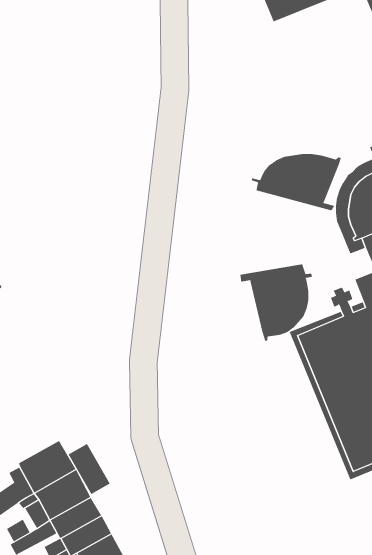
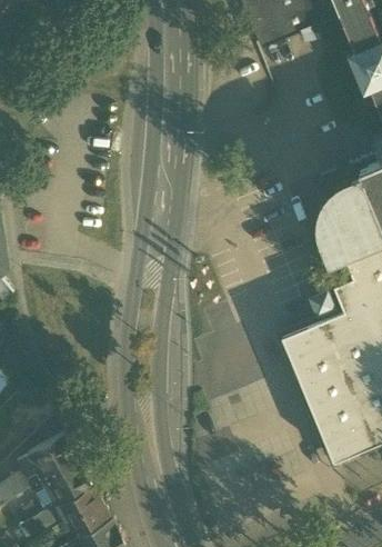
building: [251,153,341,211] -> none
building: [240,264,313,342] -> none
building: [68,443,111,495] -> none

